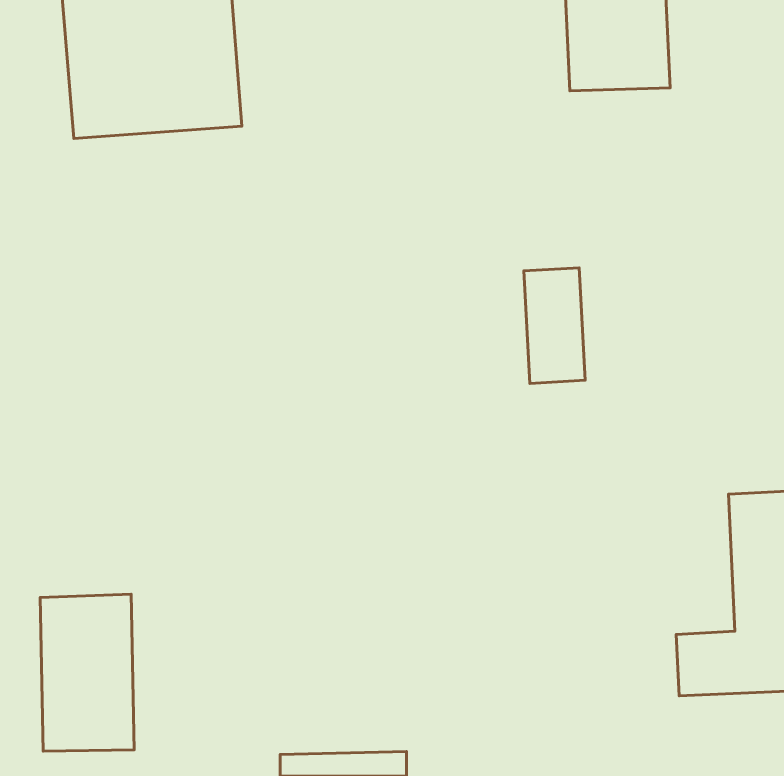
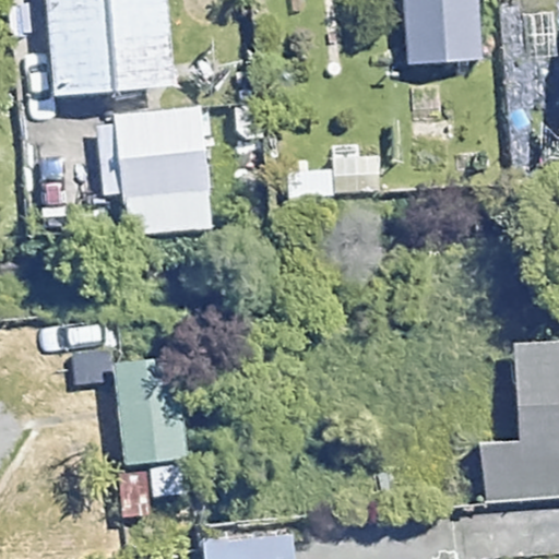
building: none -> [114,107,207,202]
building: [40,594,134,751] -> [114,367,180,478]

